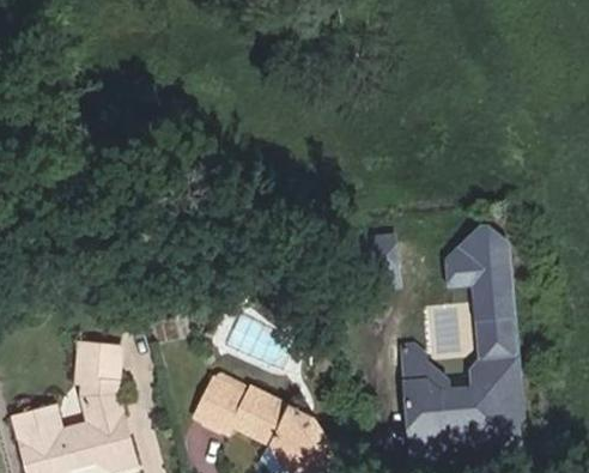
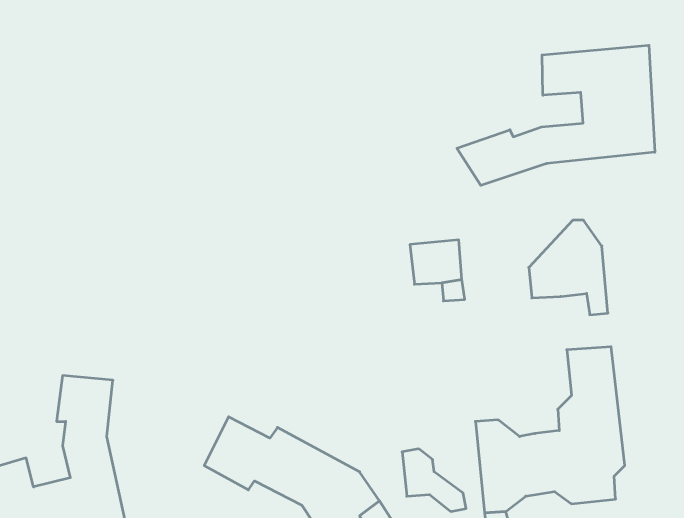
building: none -> [457,45,655,185]
building: [470,277,510,321] -> none
building: [400,340,450,389] -> [402,449,466,511]

